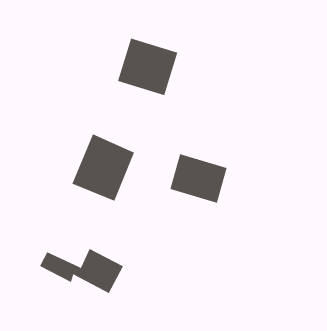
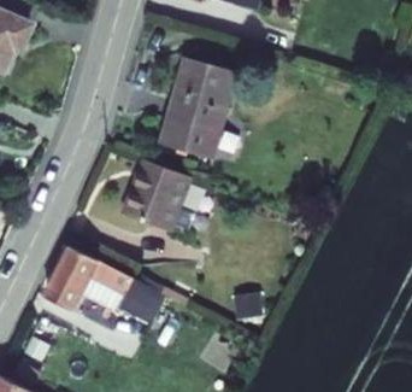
building: [170,153,227,204] -> [157,95,219,150]
building: none -> [47,244,137,309]

